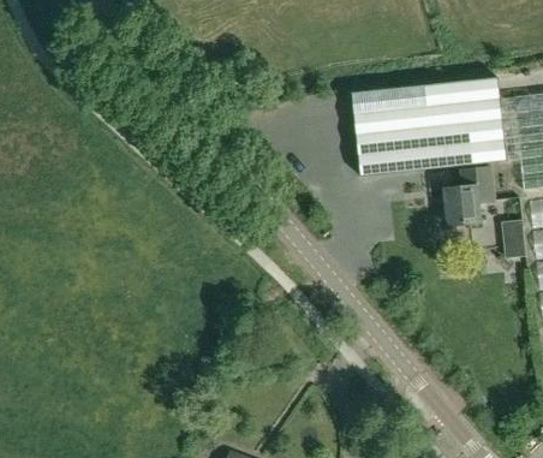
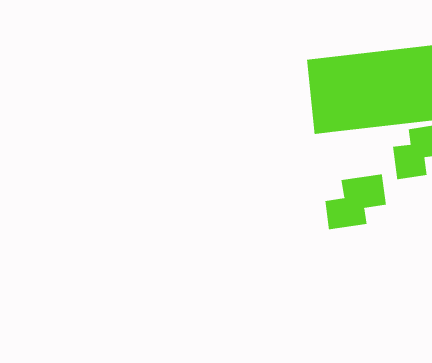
building: none -> [325,173,387,230]

